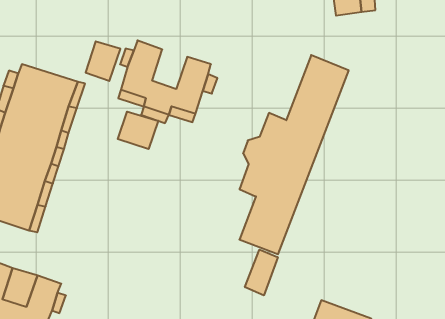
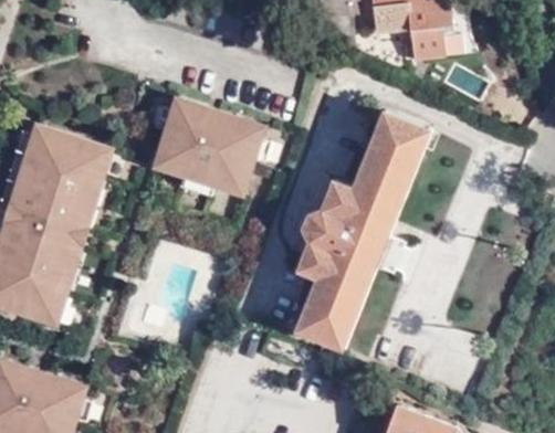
building: [86,41,120,81] -> [192,105,234,152]
building: [118,112,158,149] -> none
building: [245,250,278,295] -> none

